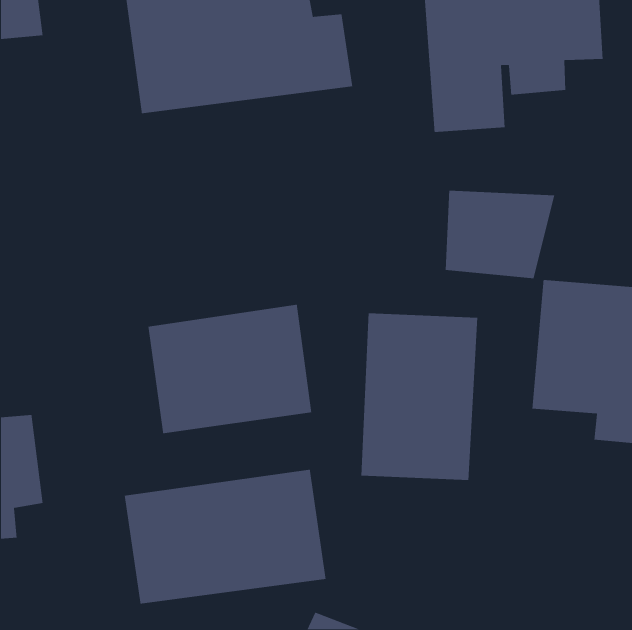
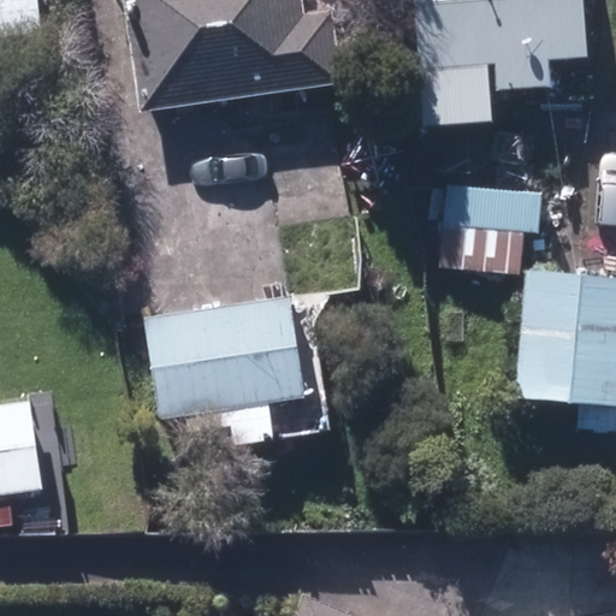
building: [360,312,478,481] -> none
building: [124,469,327,605] -> none

